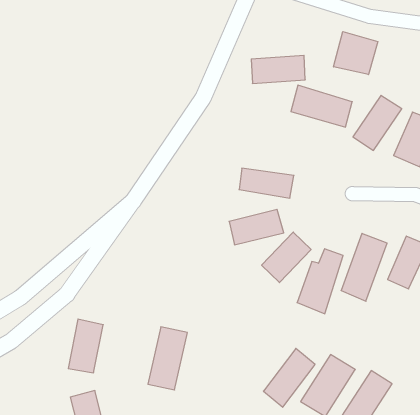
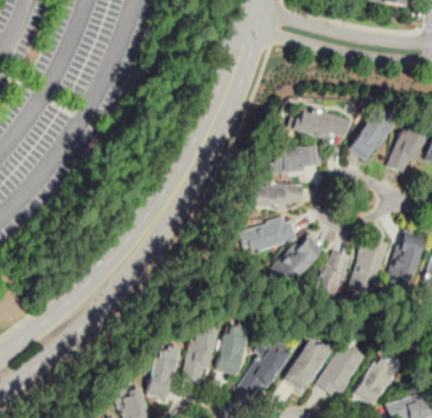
building: [334,32,378,75] -> none
building: [251,55,305,83] -> [269,146,318,173]
building: [68,319,103,373] -> [150,347,178,393]
building: none -> [217,327,248,373]
building: none -> [244,344,288,393]

